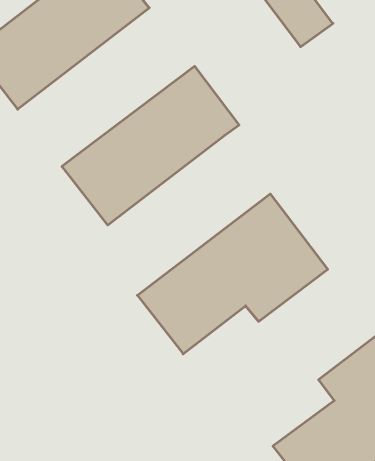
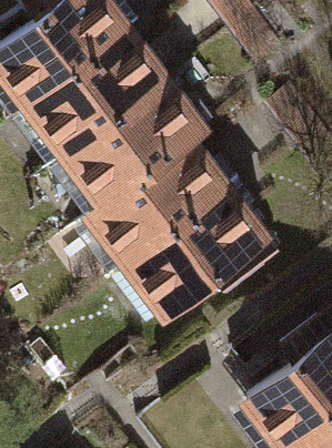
building: none -> [21,33,172,169]
building: none -> [85,142,237,278]

